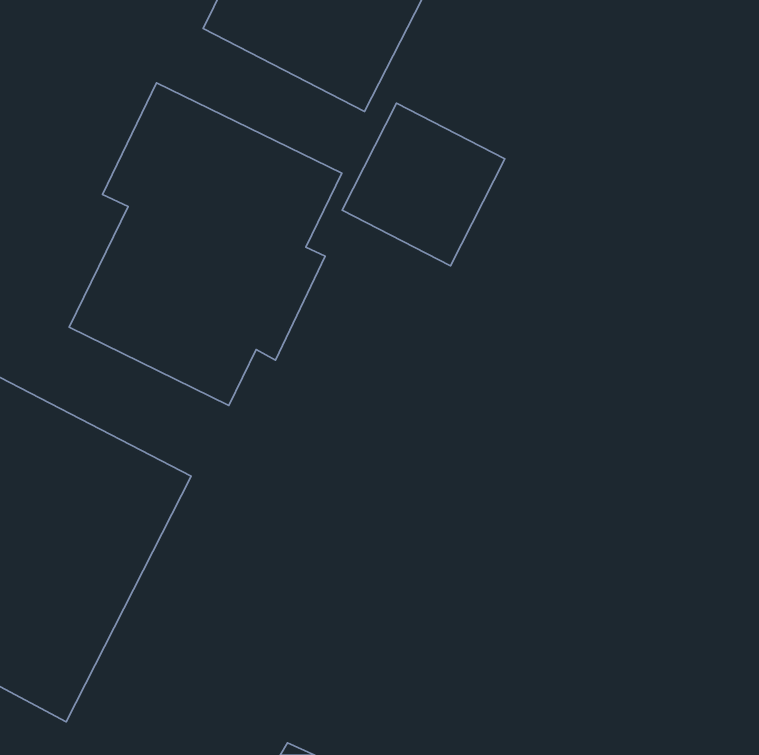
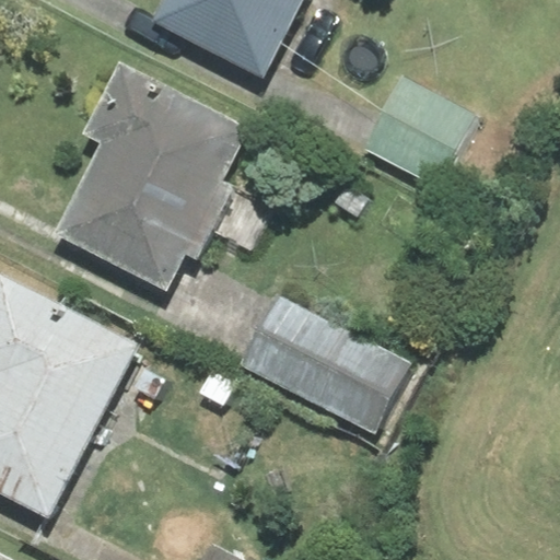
building: [342,103,505,266] -> [359,68,477,186]
building: none -> [241,291,412,432]

